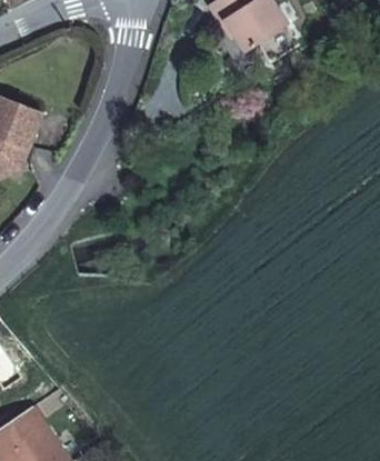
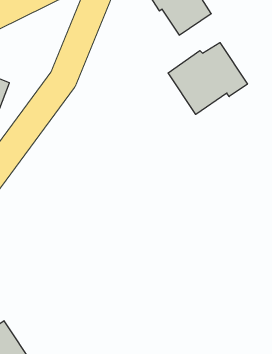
building: none -> [168,43,247,114]

